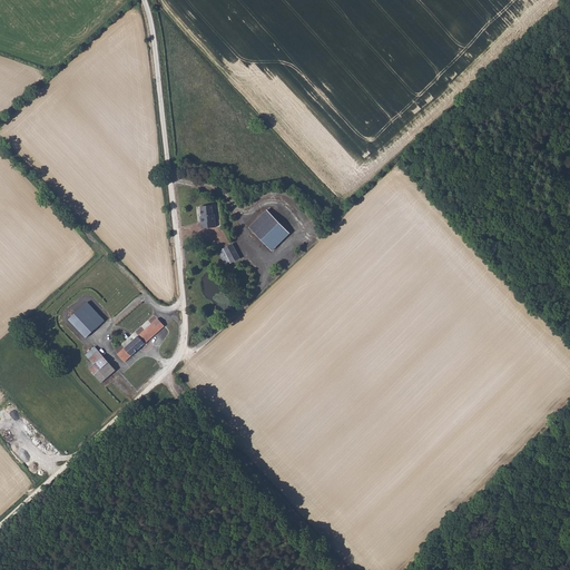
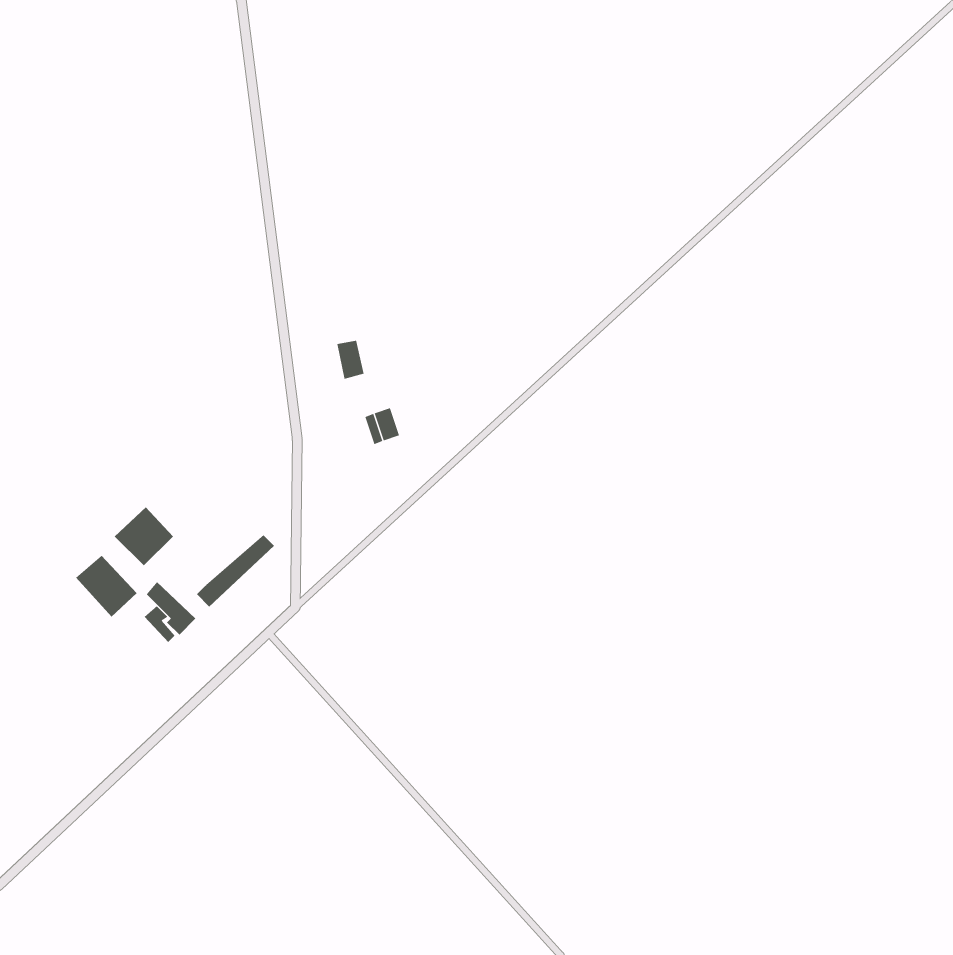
building: [247,208,287,249] -> none
building: none -> [75,555,137,618]

